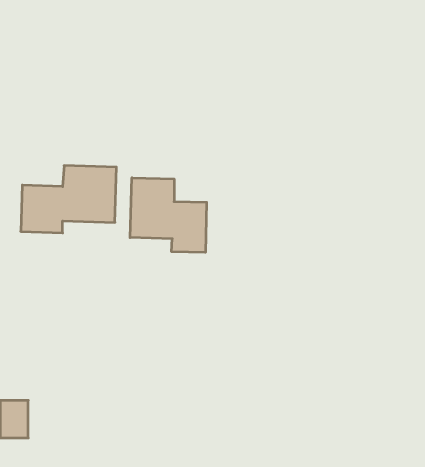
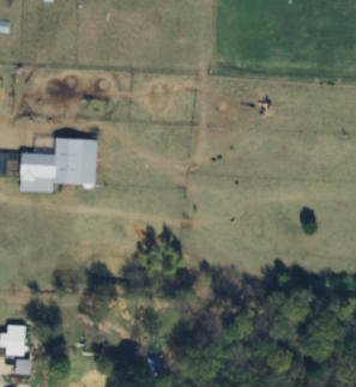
building: [130,178,207,252] -> none

